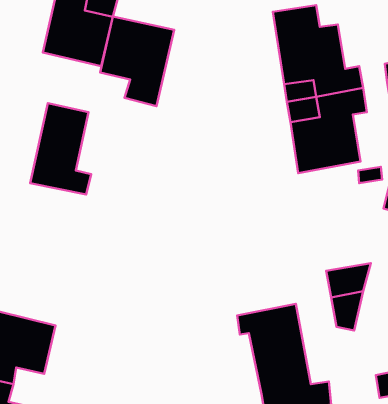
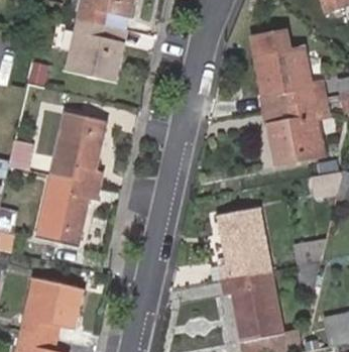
building: [100,17,174,106] -> none
building: none -> [43,174,102,245]
building: none -> [218,211,268,279]

